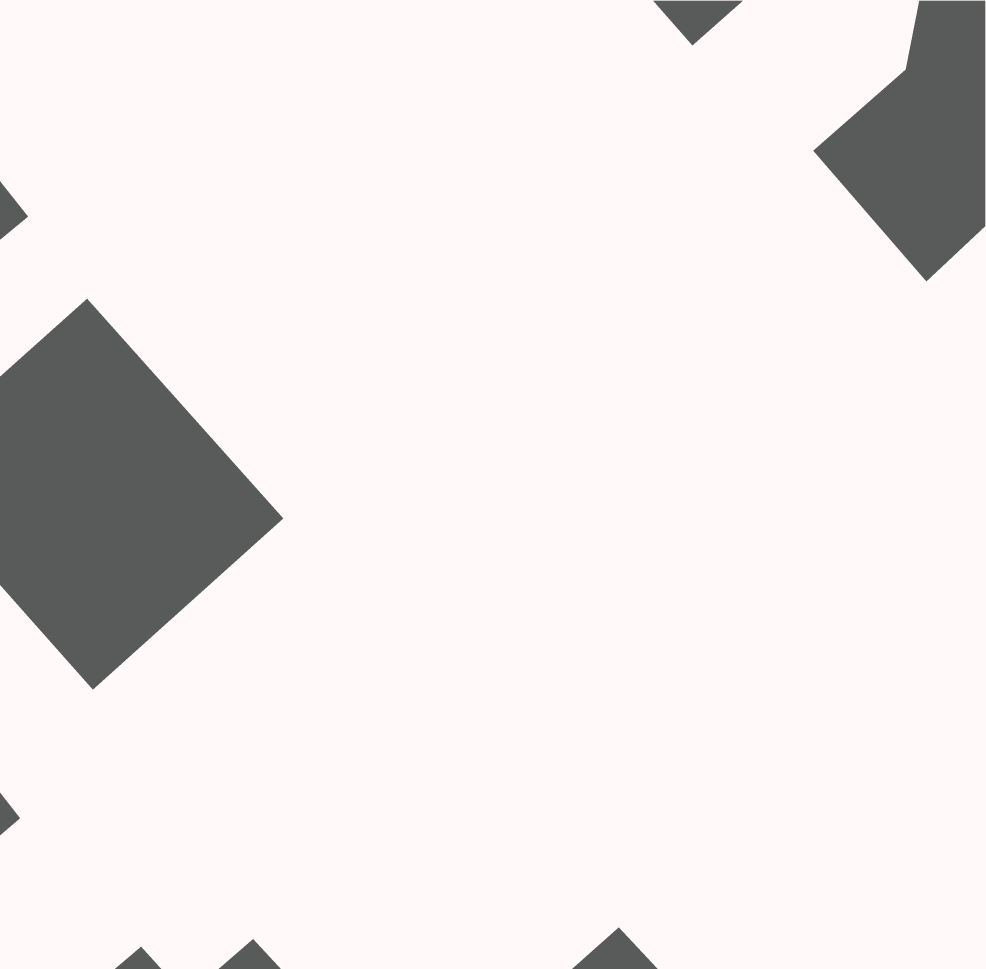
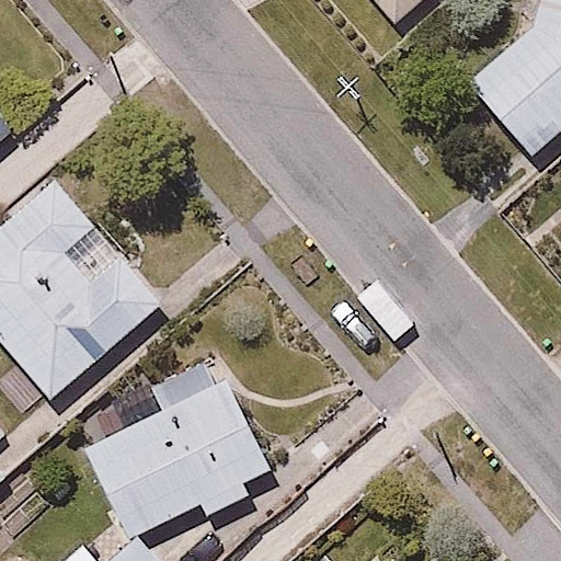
building: none -> [82,353,271,538]

